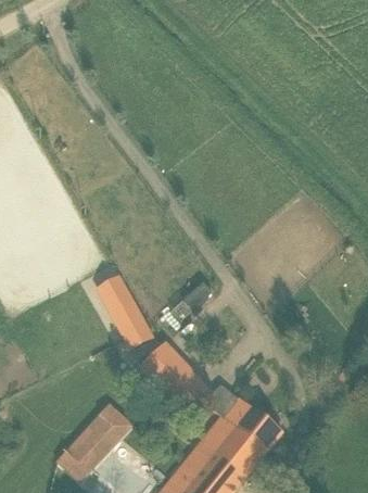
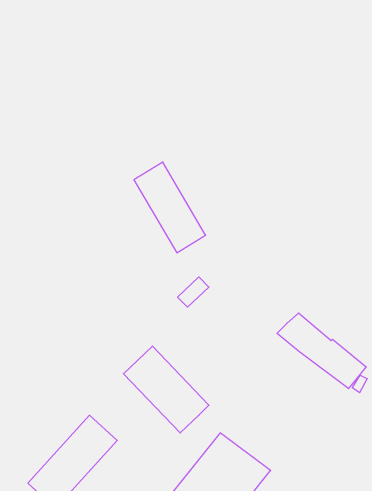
building: [92,270,154,349] -> [134,162,206,253]
building: [204,384,281,450] -> [277,313,366,389]

